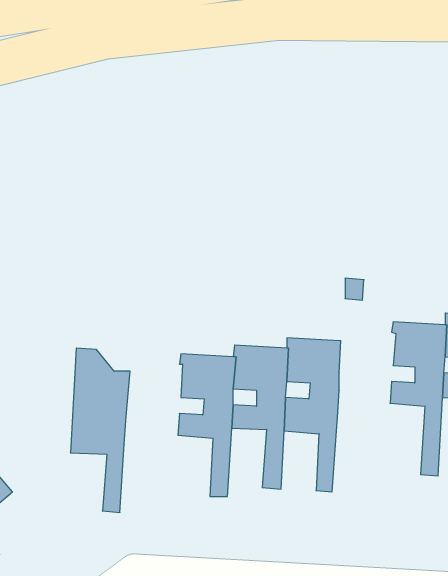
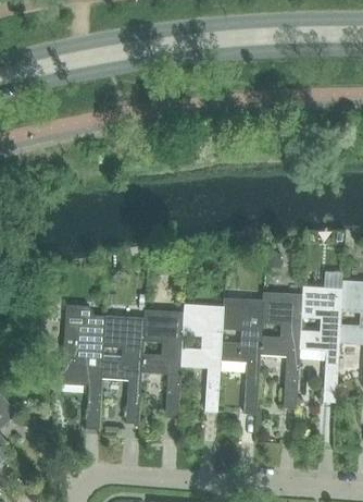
building: none -> [262,291,305,407]
building: none -> [102,315,146,423]

